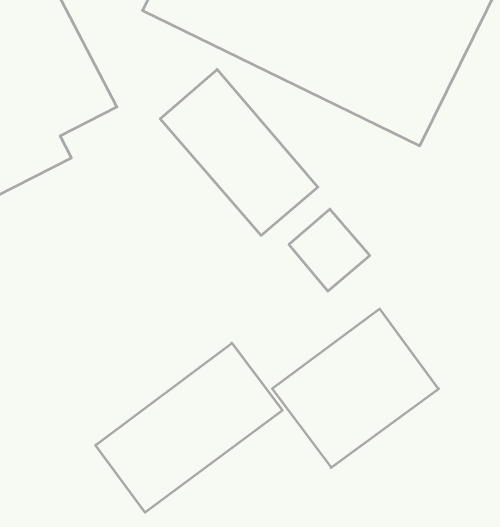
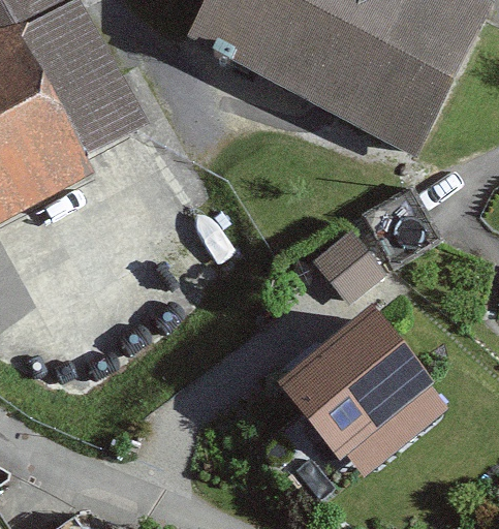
building: [160,69,318,235] -> none
building: [96,343,282,512] -> none

